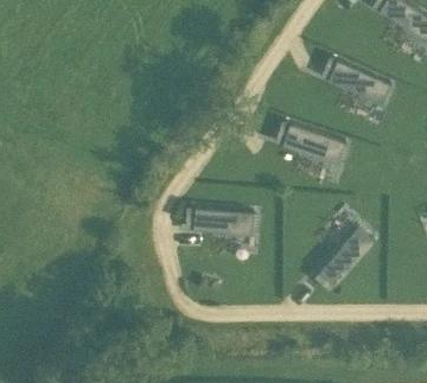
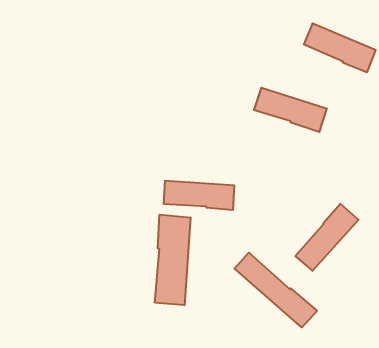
building: none -> [155,215,191,305]
building: none -> [234,253,317,327]

